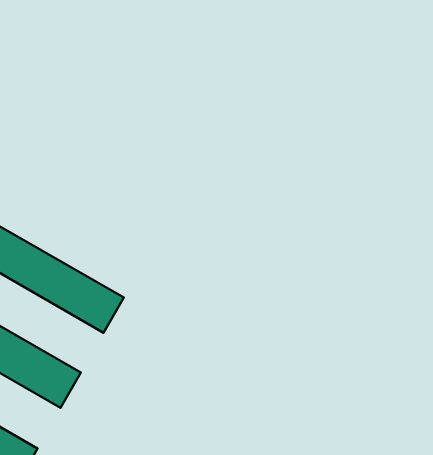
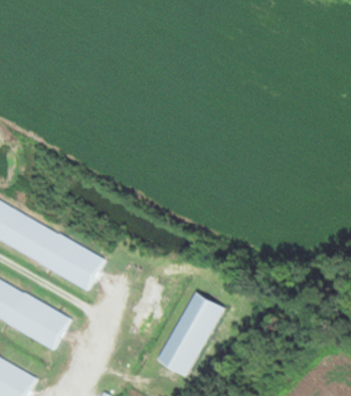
building: none -> [159,292,223,374]

